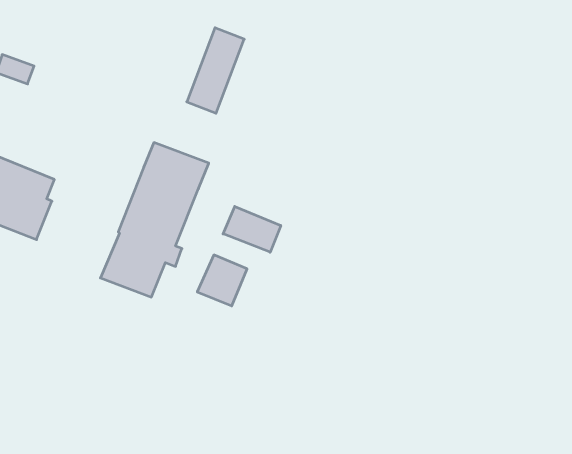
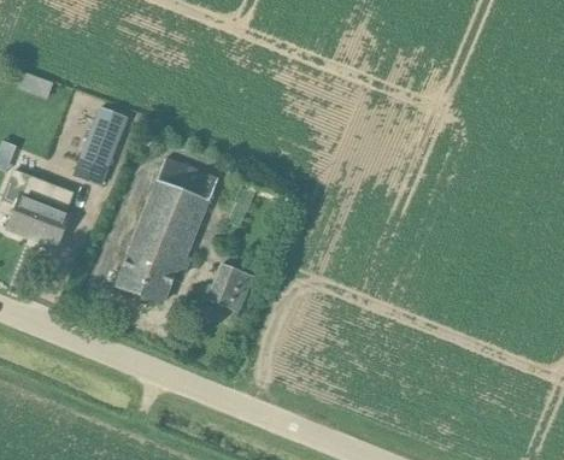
building: [187,28,244,113] -> [72,106,127,187]
building: [223,206,281,252] -> none

